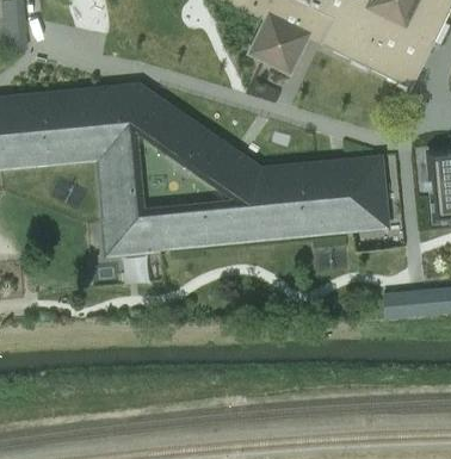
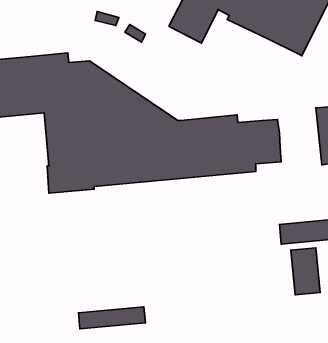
building: none -> [291,248,320,295]
building: none -> [78,307,145,329]

